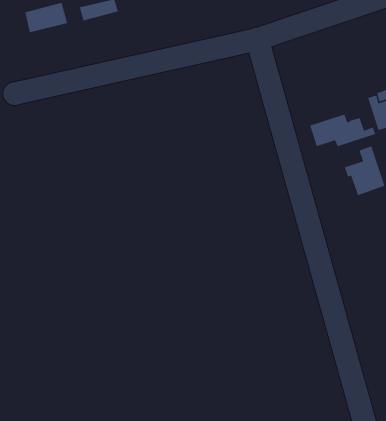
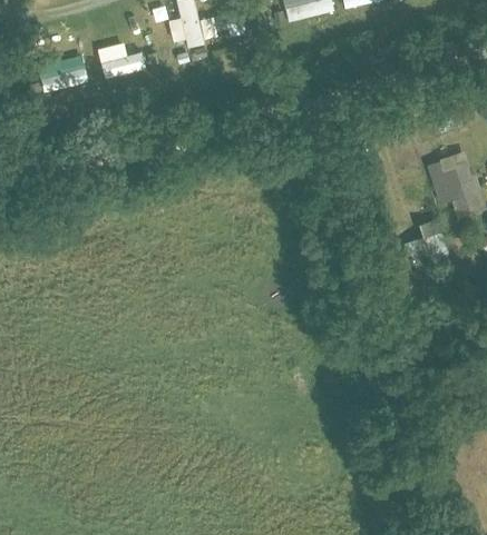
building: [309,114,376,147] -> none

